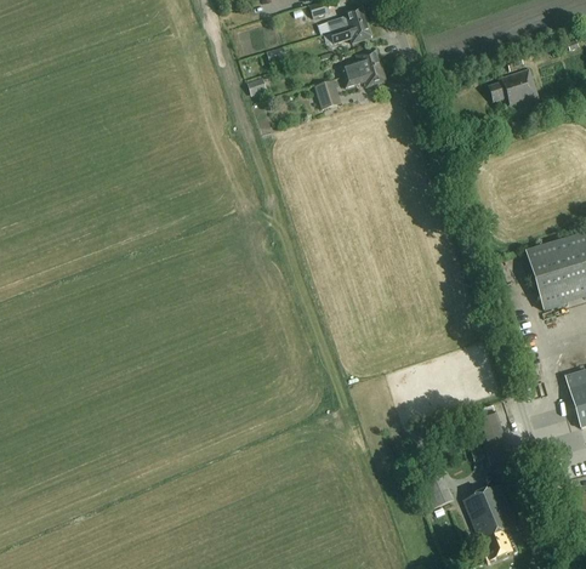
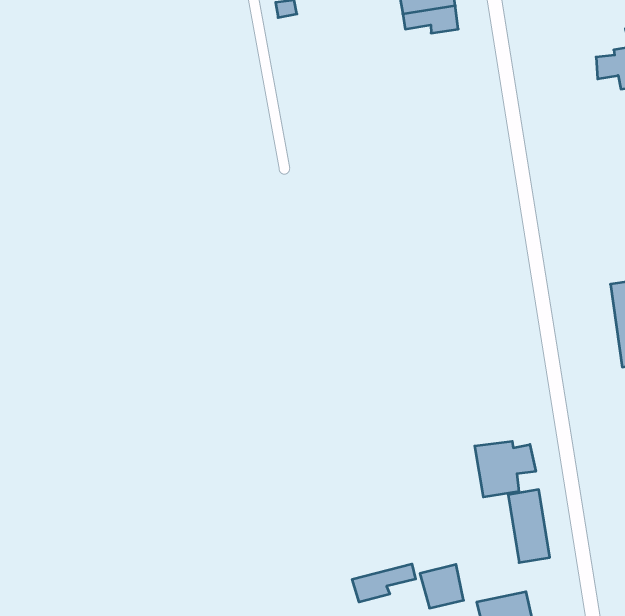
building: [314,78,341,109] -> none
building: none -> [475,441,536,497]
building: none -> [352,564,416,602]

